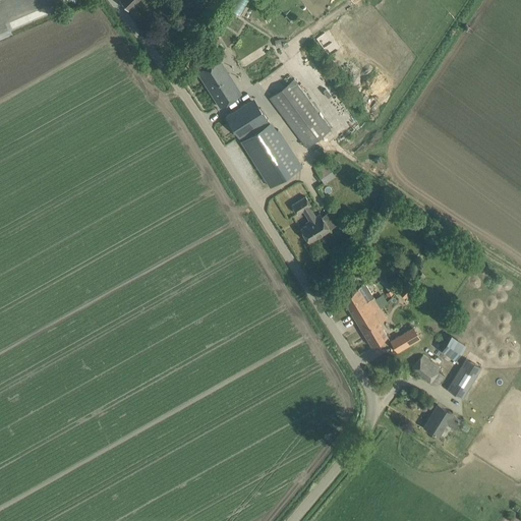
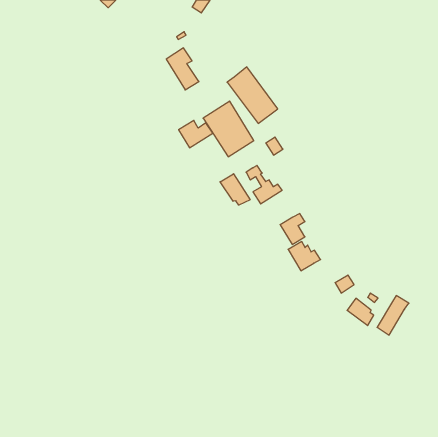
building: [226,105,267,137] -> [179,120,213,148]
building: none -> [220,174,250,205]
building: [357,309,387,346] -> [280,214,305,244]
building: [424,405,459,436] -> none

